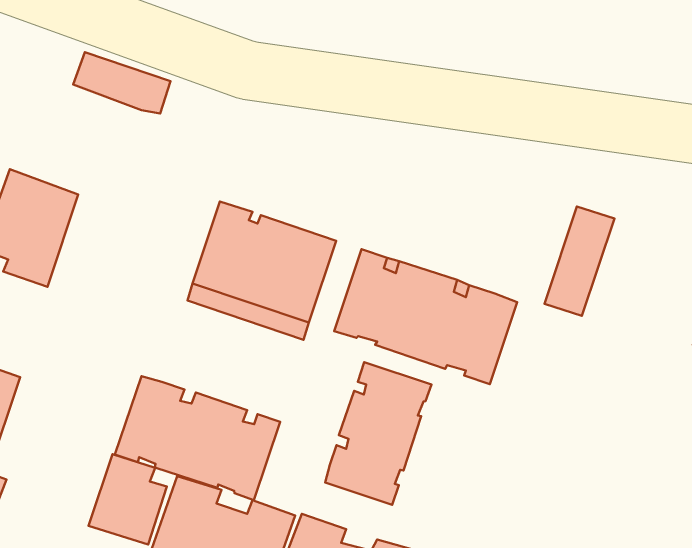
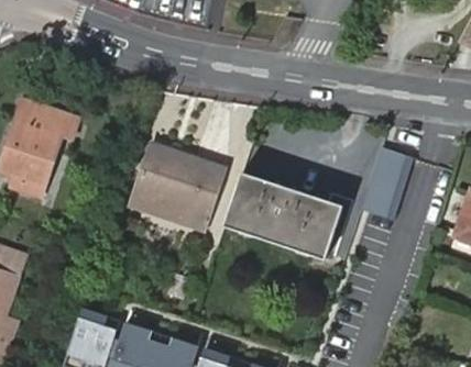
building: [73,52,170,114] -> [15,100,78,140]
building: [325,362,432,505] -> none
building: [115,376,280,500] -> none

